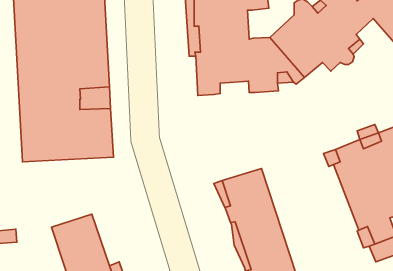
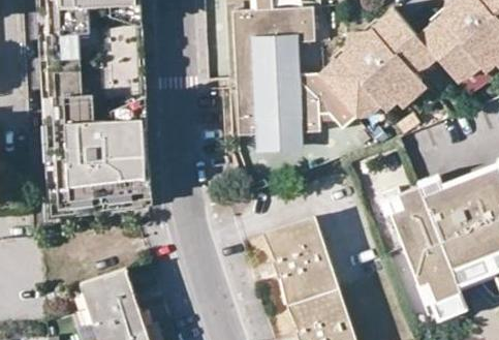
building: none -> [259,123,306,155]

